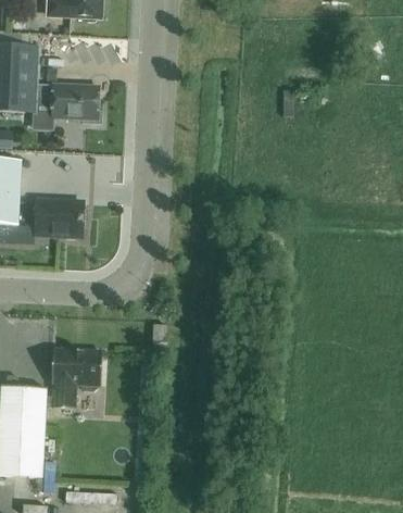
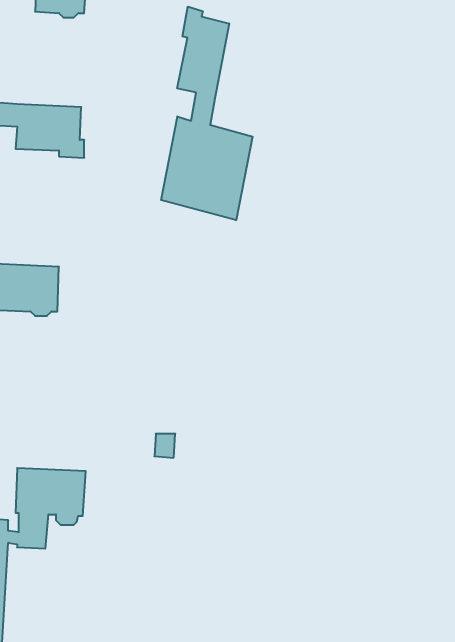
building: none -> [161,7,253,220]

